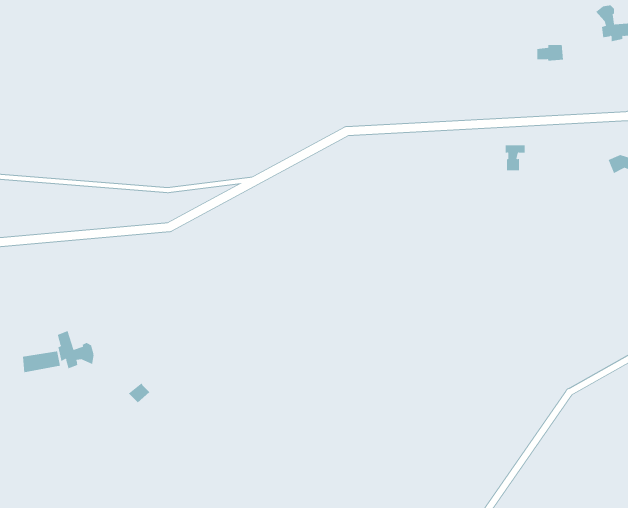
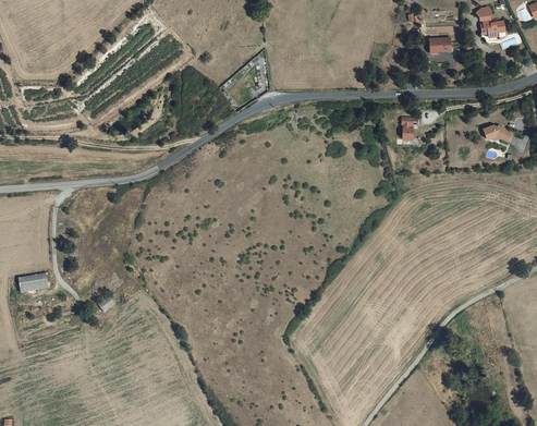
building: [57,330,94,369] -> none

